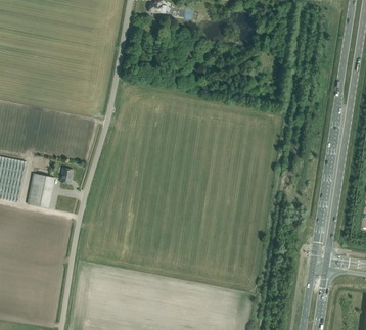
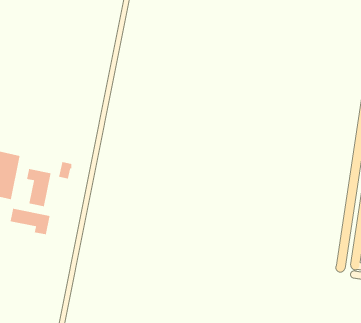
building: none -> [8,208,51,235]

